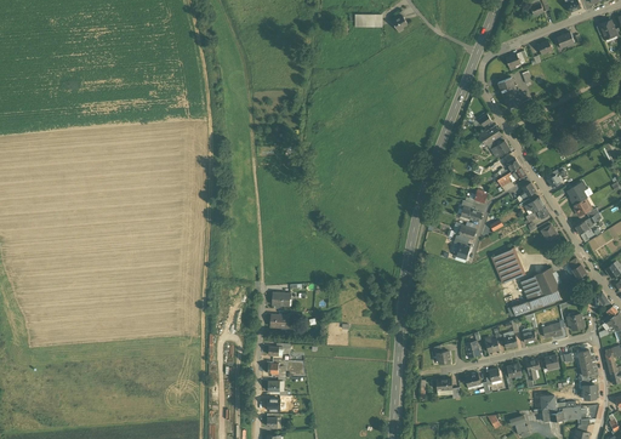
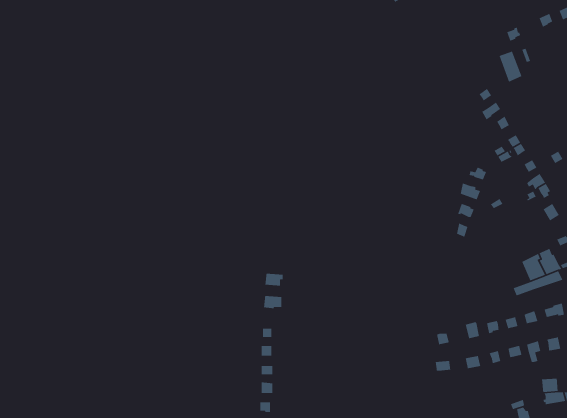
building: [491,247,525,284] -> none

